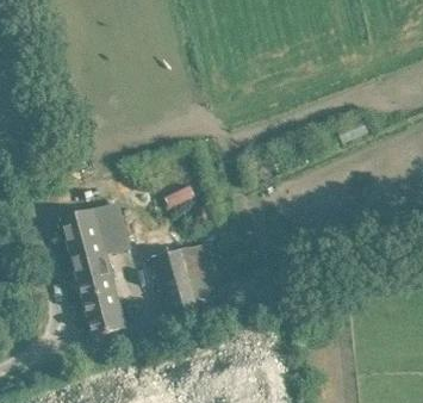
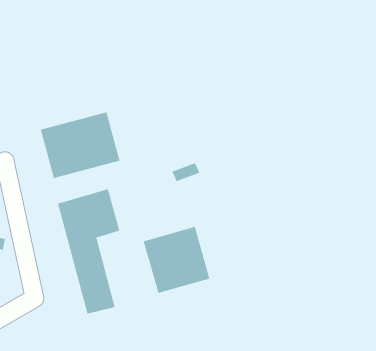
building: none -> [40,112,120,179]

